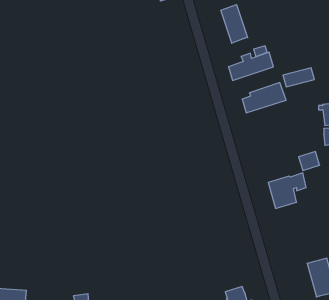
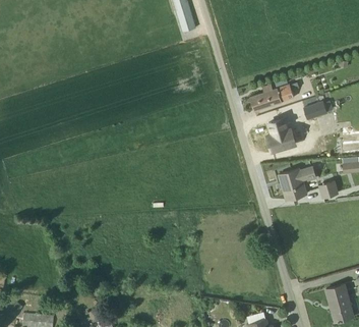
building: [221,5,248,43] -> none
building: [268,173,306,208] -> [280,165,316,200]

